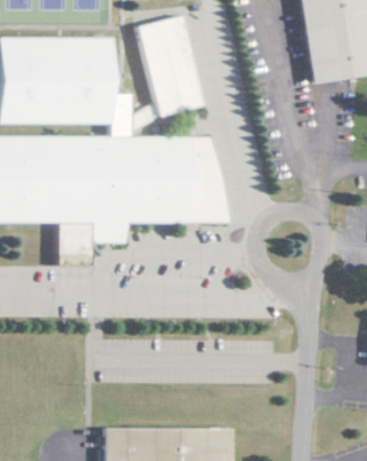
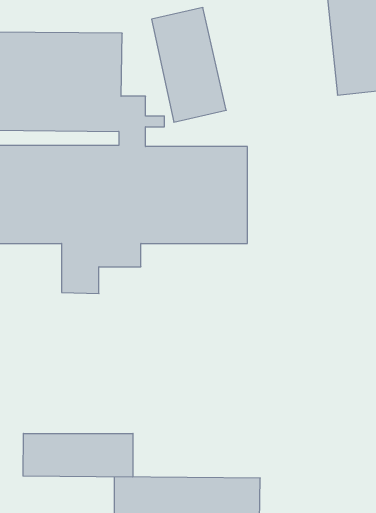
building: none -> [23,433,133,477]

